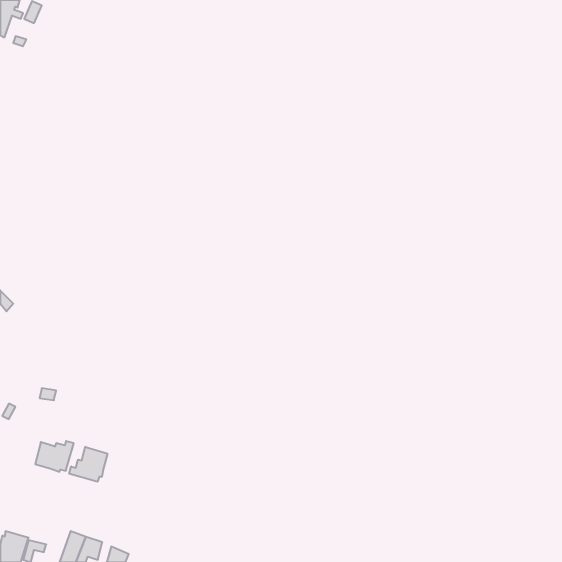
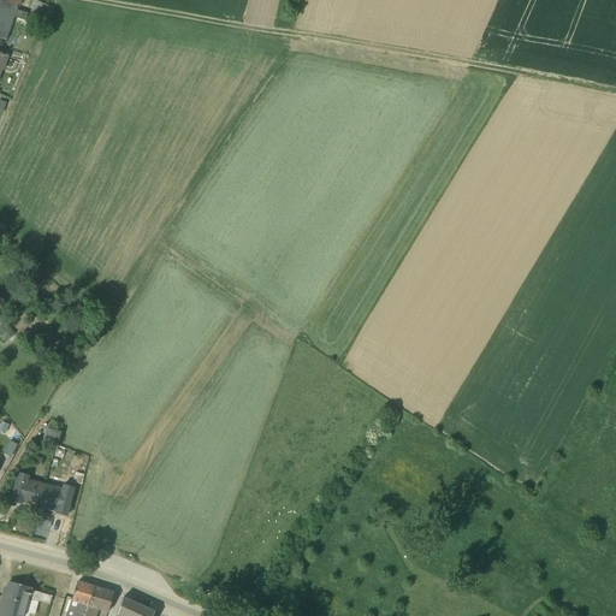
building: none -> [8,469,45,508]
building: [69,447,107,482] -> none

